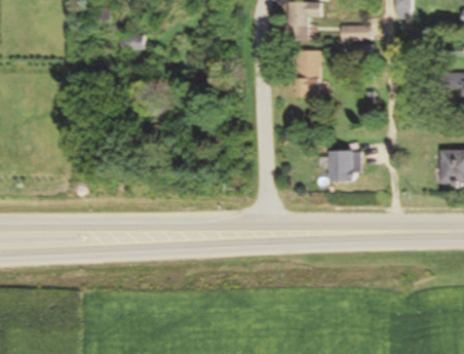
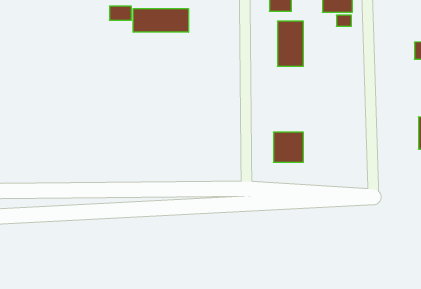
building: none -> [133,9,188,32]
building: [328,150,359,181] -> [273,132,303,162]

